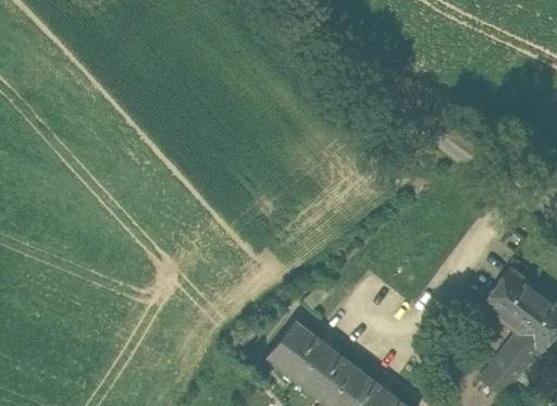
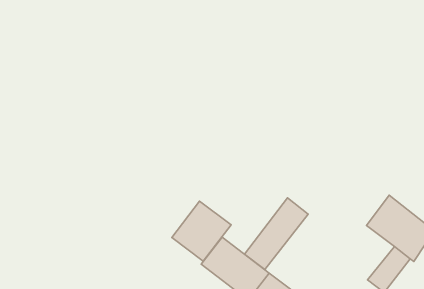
building: none -> [244,198,308,270]
building: none -> [172,201,231,261]

